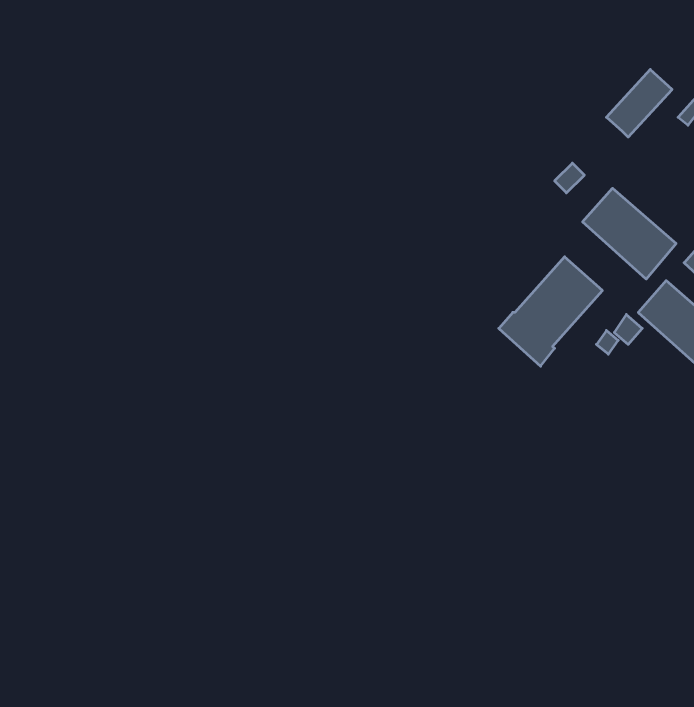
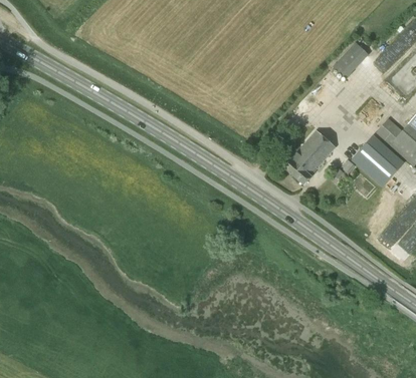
building: [583,188,676,279] -> none

